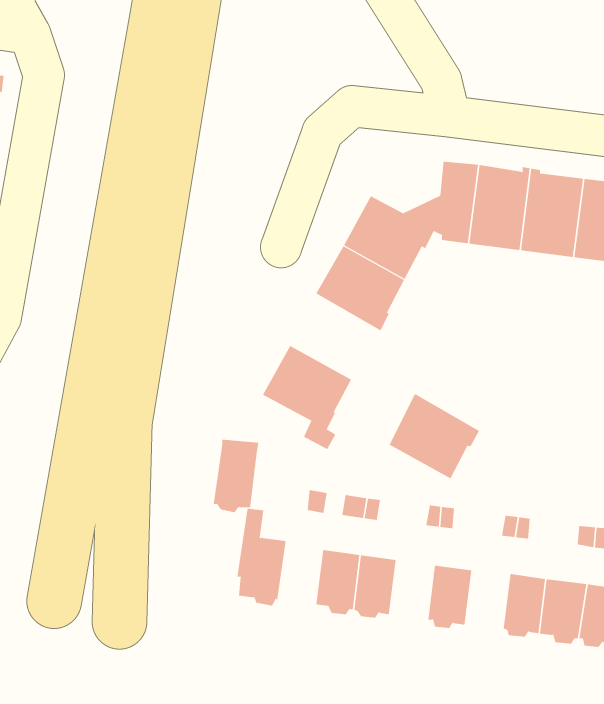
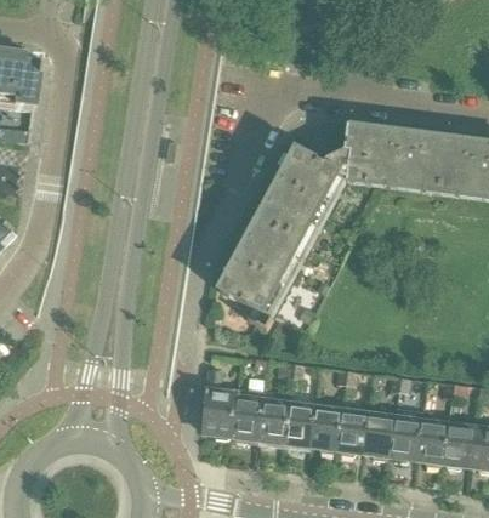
building: [389,393,480,479] -> [240,217,305,278]
building: [213,439,259,513] -> [232,388,265,440]
building: none -> [311,405,342,451]
building: none -> [364,412,396,457]

